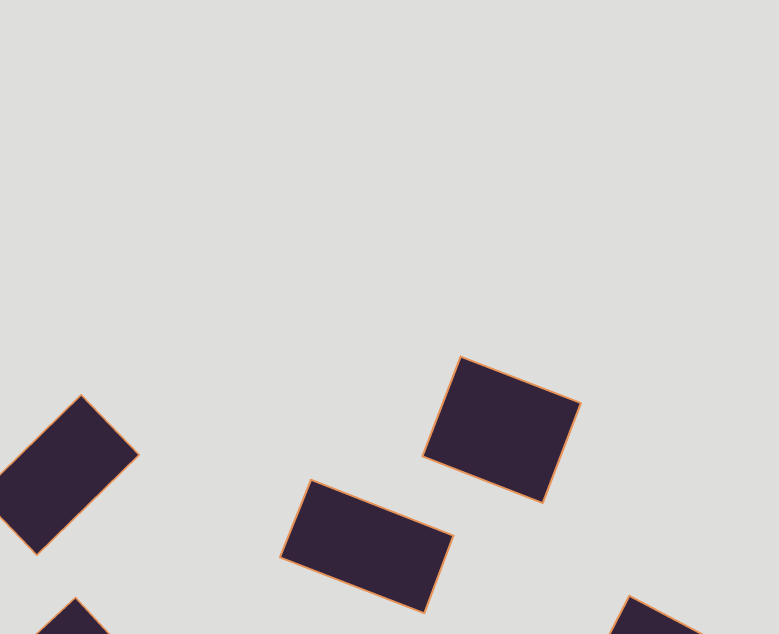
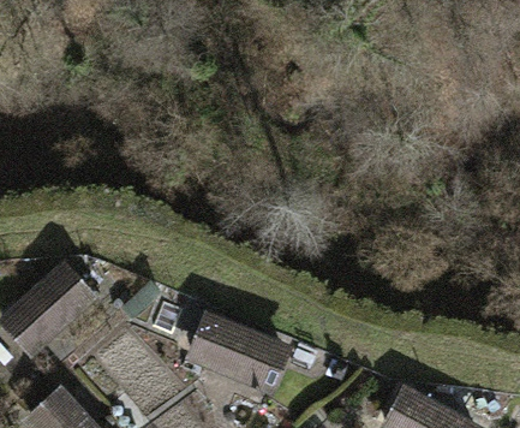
building: [423,356,581,503] -> none

